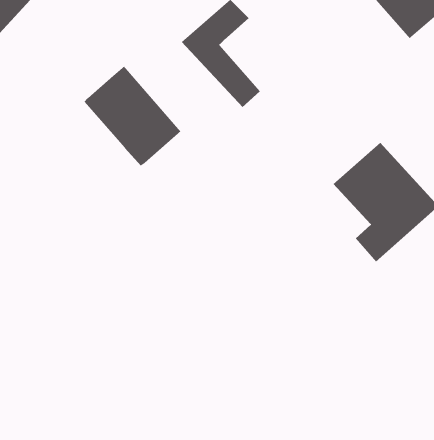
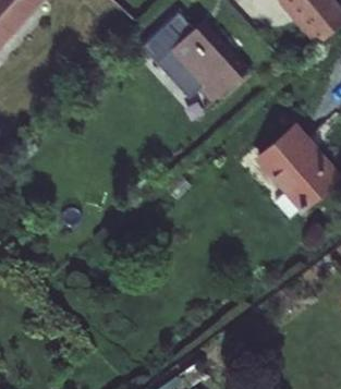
building: [83,65,182,166] -> [173,20,249,98]

